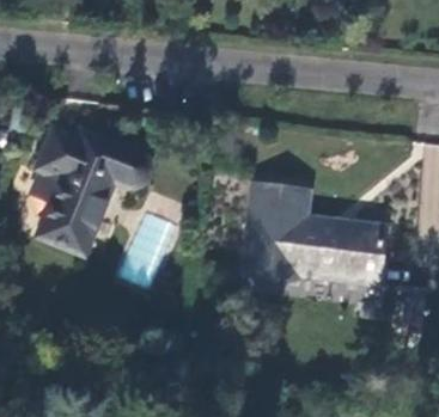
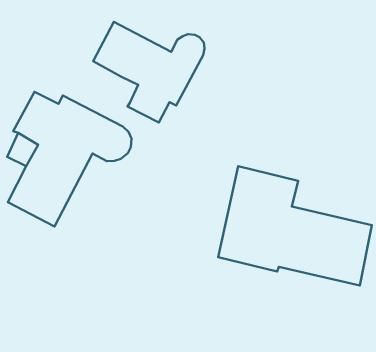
building: none -> [93,22,205,122]

